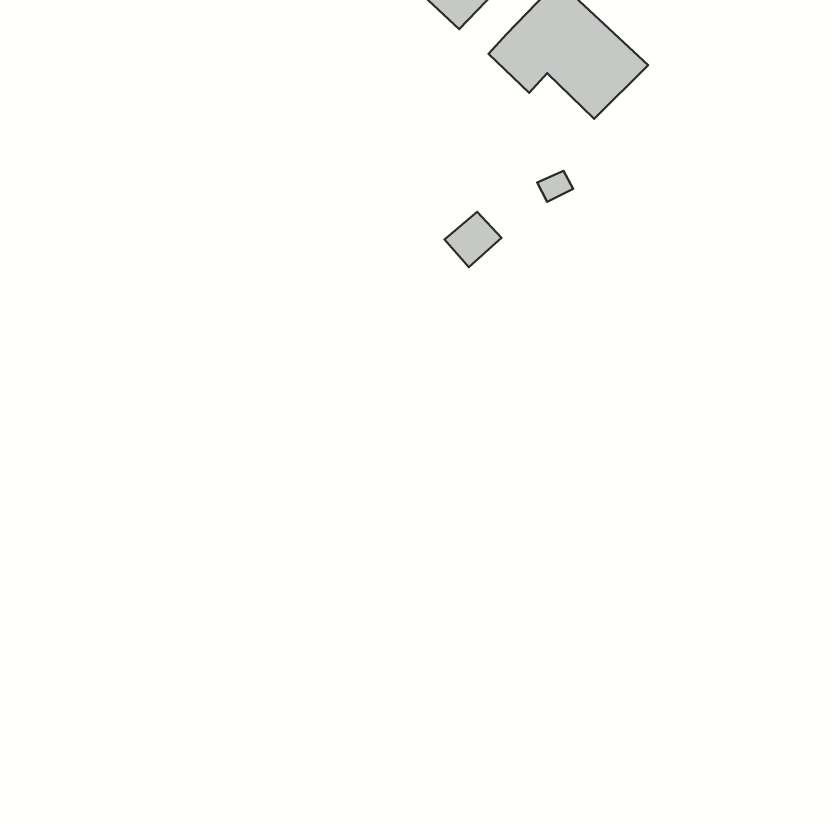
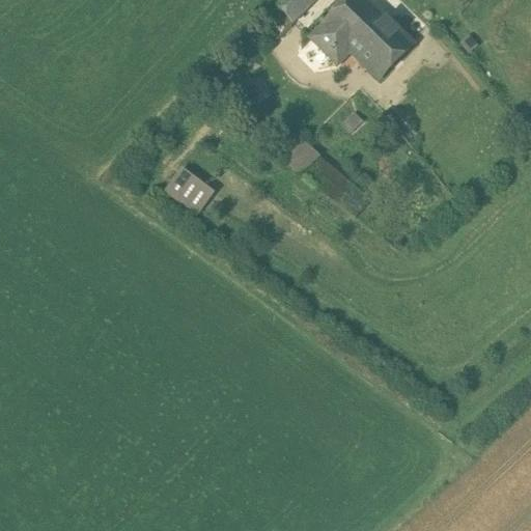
building: none -> [164,168,216,217]

